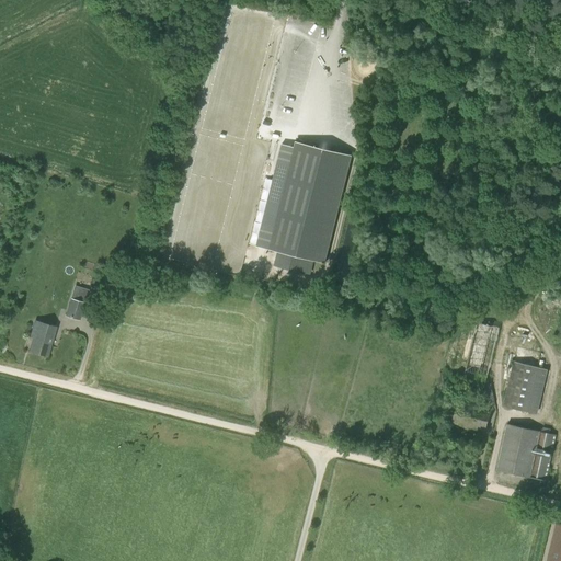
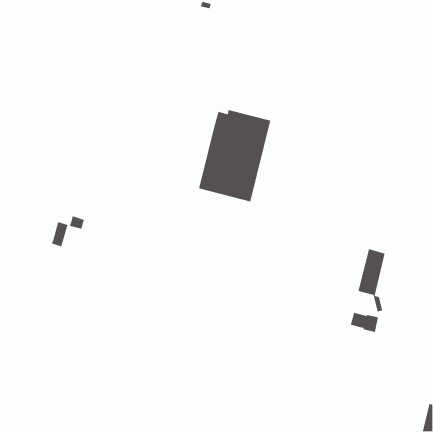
building: [30,321,56,356] -> none
building: [503,360,540,412] -> none
building: [496,424,556,480] -> none

